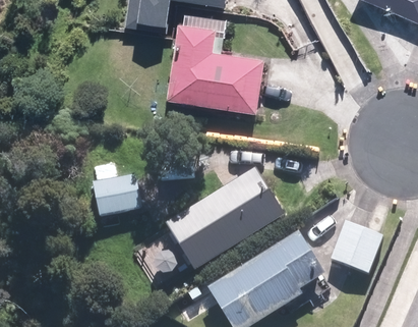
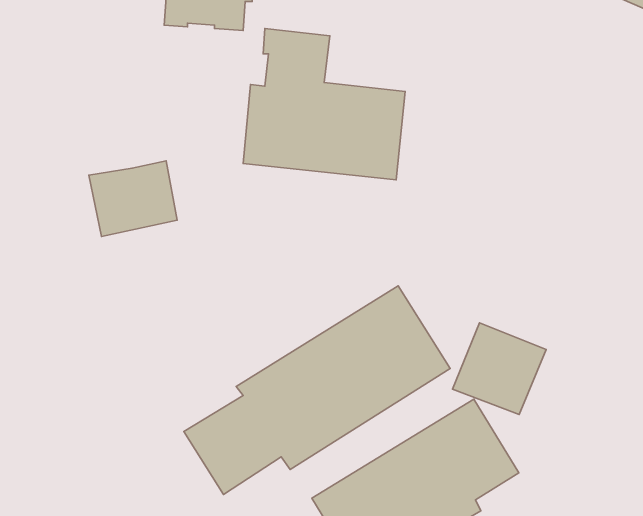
building: [93,174,142,217] -> [89,161,177,236]
building: [330,222,382,274] -> [452,323,546,414]

